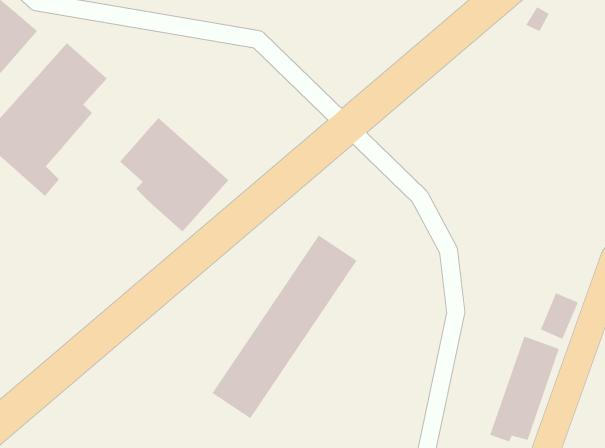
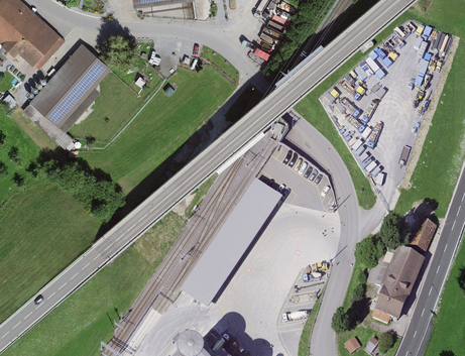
building: [119,117,229,232] -> none

